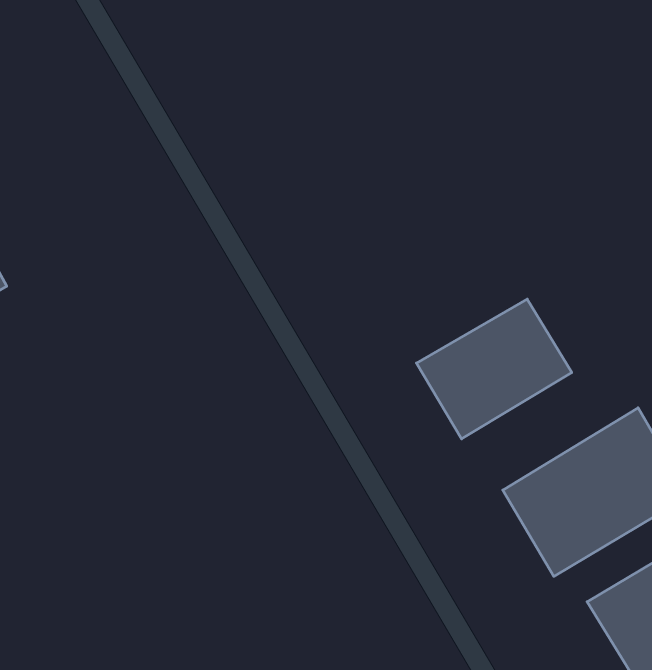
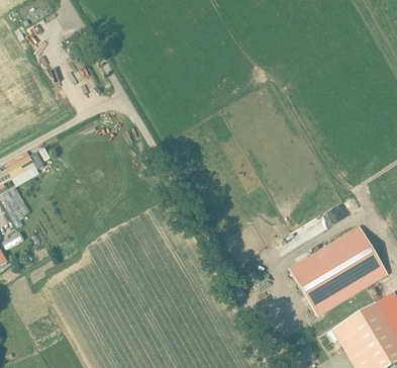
building: [416,299,572,439] -> none

